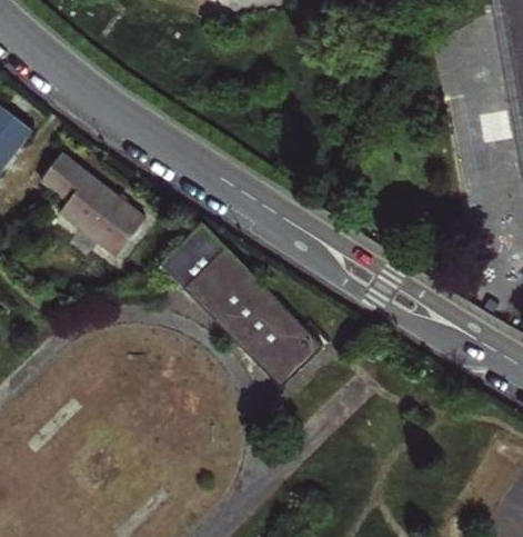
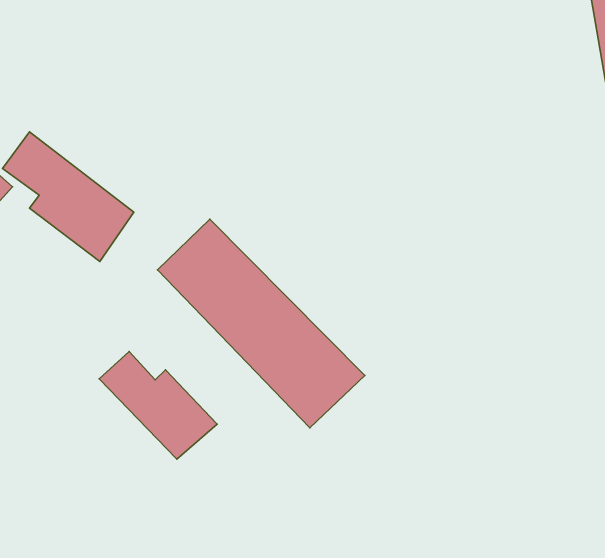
building: none -> [99,352,217,459]

